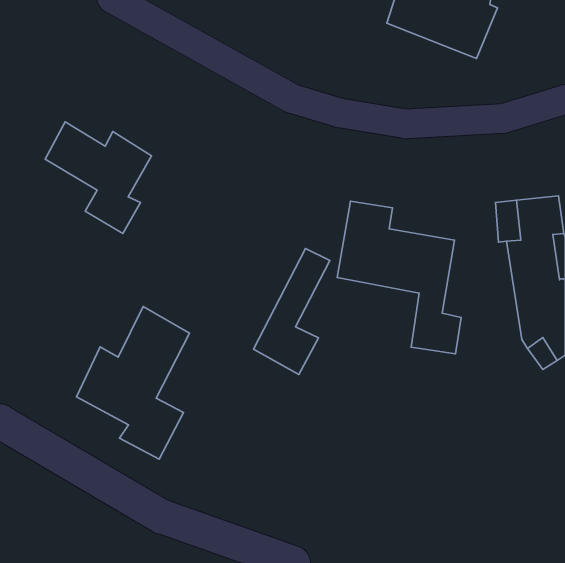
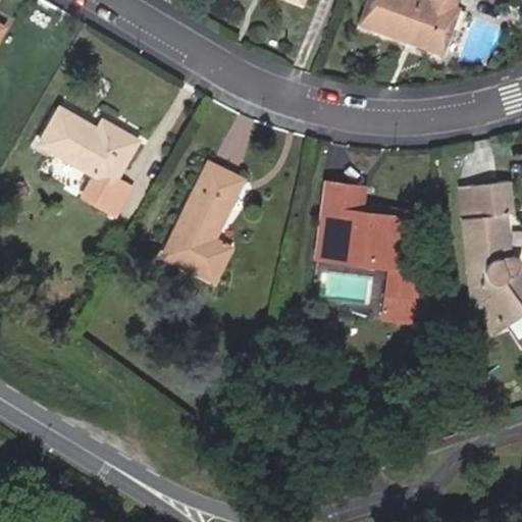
building: [253,248,330,374] -> [165,163,236,279]
building: [76,306,190,459] -> none

